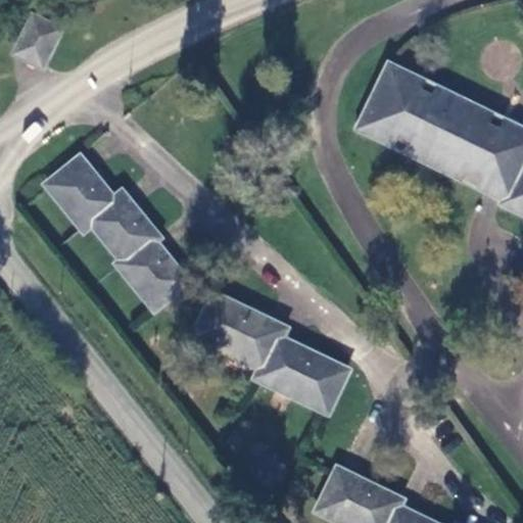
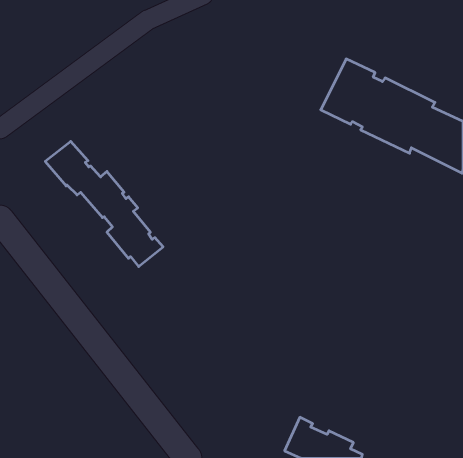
building: [19,18,56,60] -> none
building: [196,295,344,407] -> none

